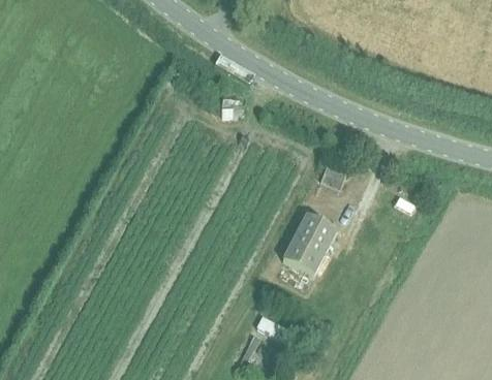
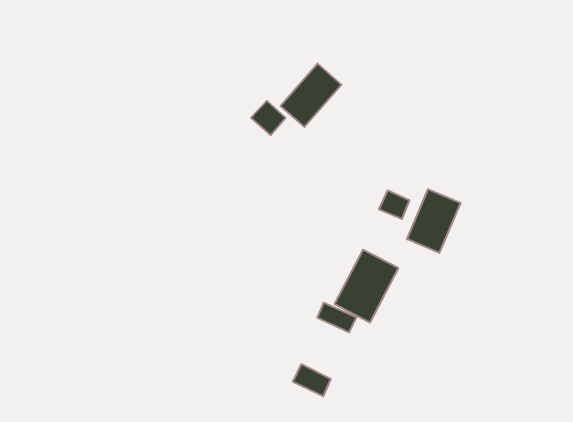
building: none -> [281,63,342,127]
building: none -> [407,189,460,253]

